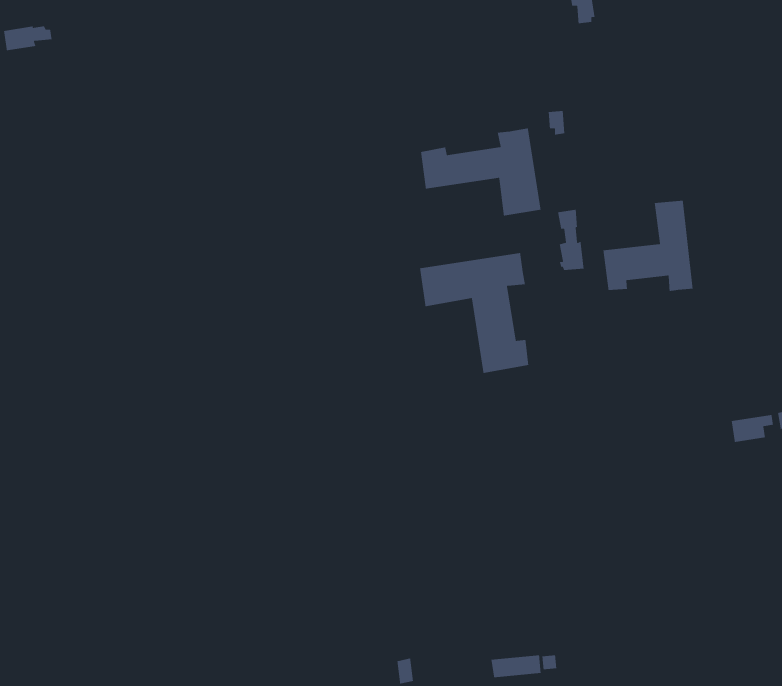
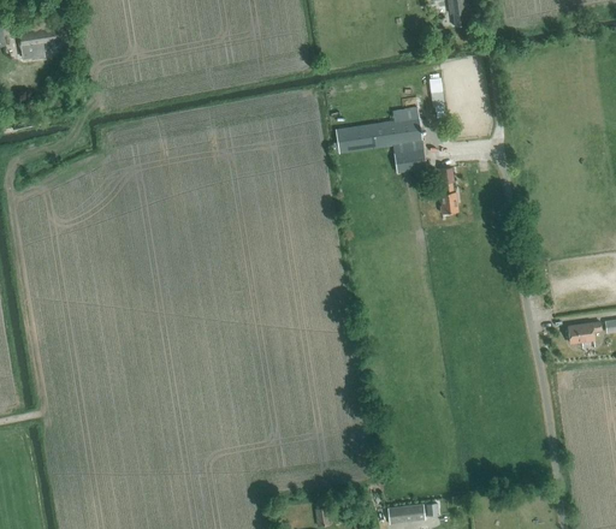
building: [603,200,693,292] -> none
building: [419,252,529,374] -> none

